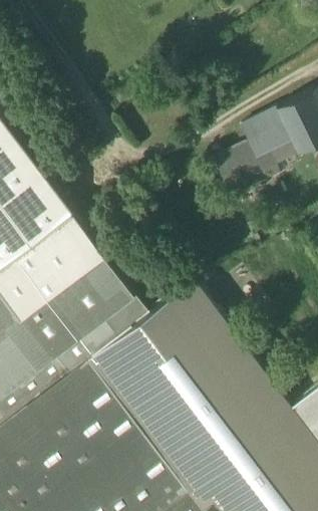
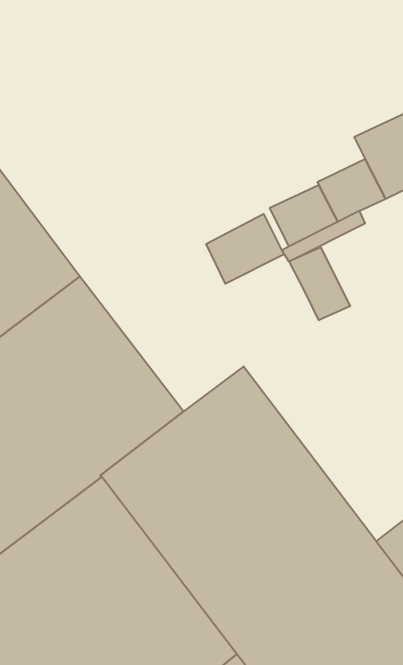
building: [239,108,281,142] -> none
building: none -> [206,214,284,284]
building: none -> [289,247,350,320]

